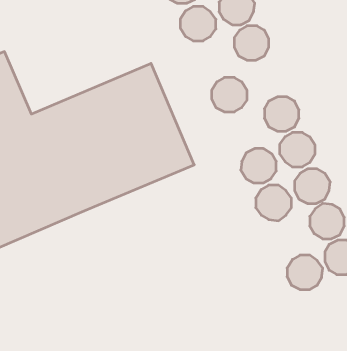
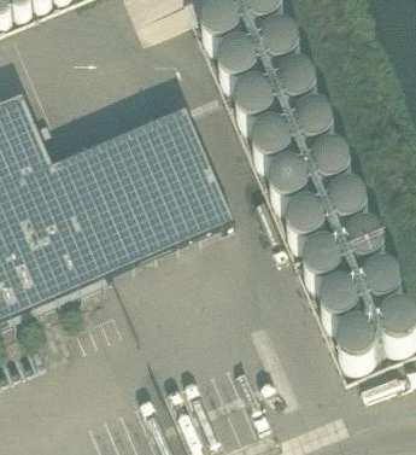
building: none -> [235,82,275,122]
building: none -> [297,104,335,142]
building: none -> [269,162,307,200]
building: none -> [320,282,359,321]

